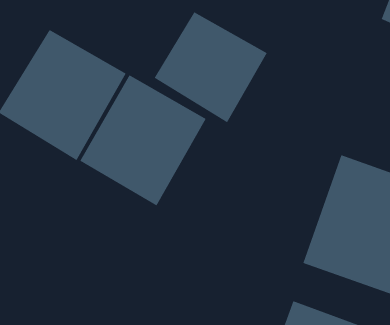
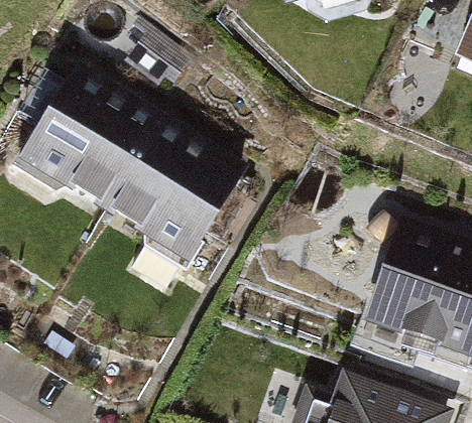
building: [154,11,268,123] -> none

